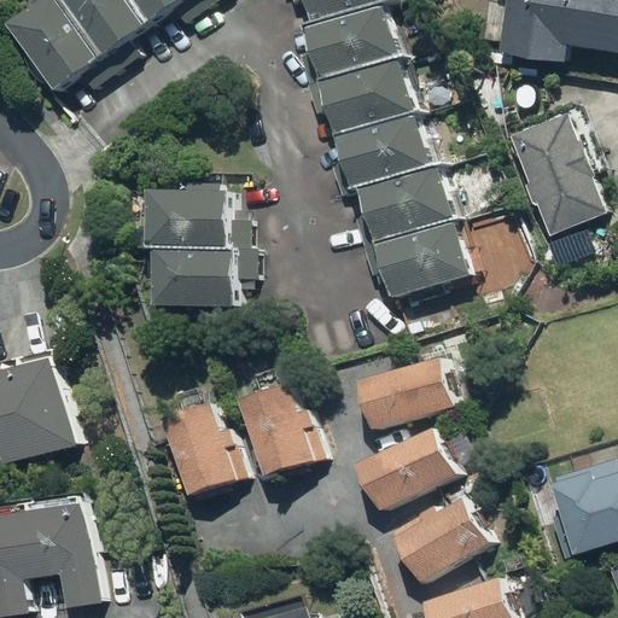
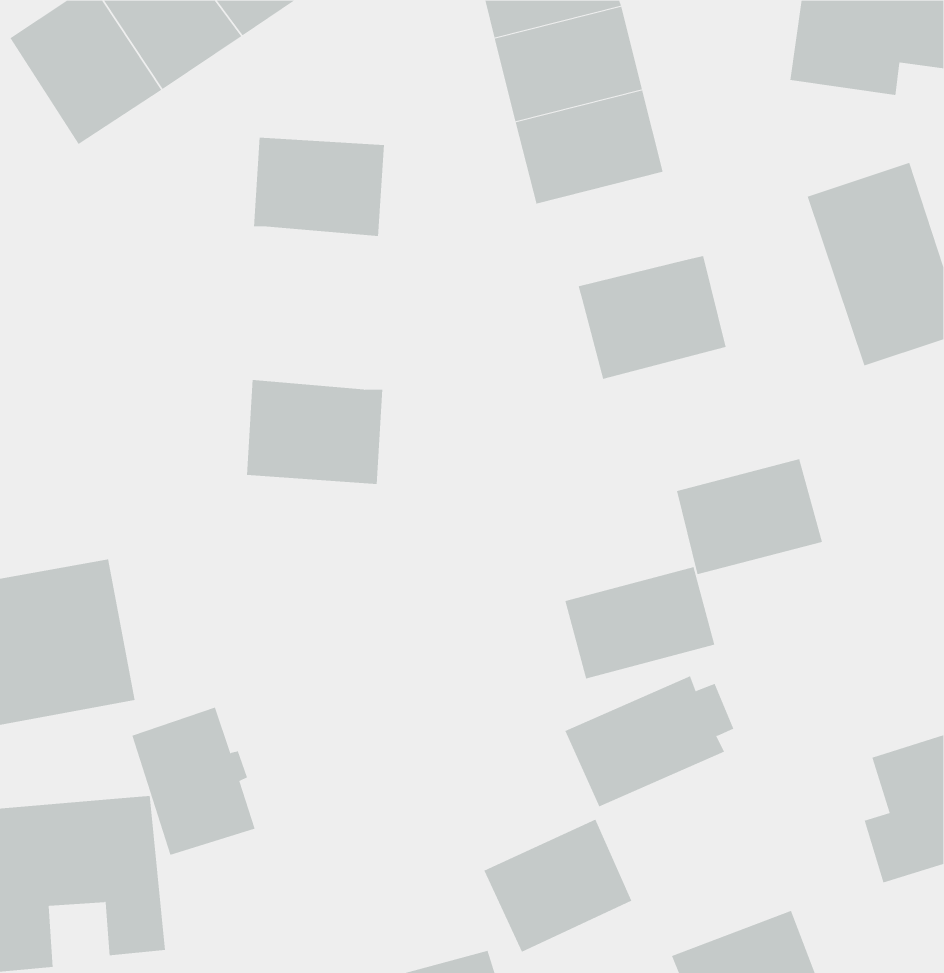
building: [339,110,435,186] -> none
building: [151,185,234,247] -> [253,137,385,236]
building: [381,221,474,295] -> [676,458,823,575]
building: [241,385,317,474] -> none
building: [162,397,240,491] -> [132,707,256,856]
building: [393,497,488,582] -> [483,819,632,952]

